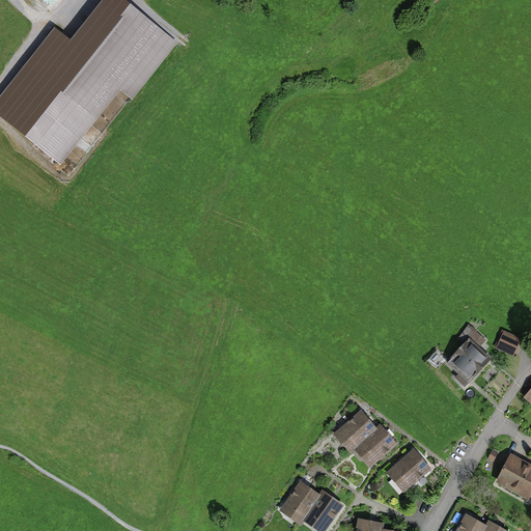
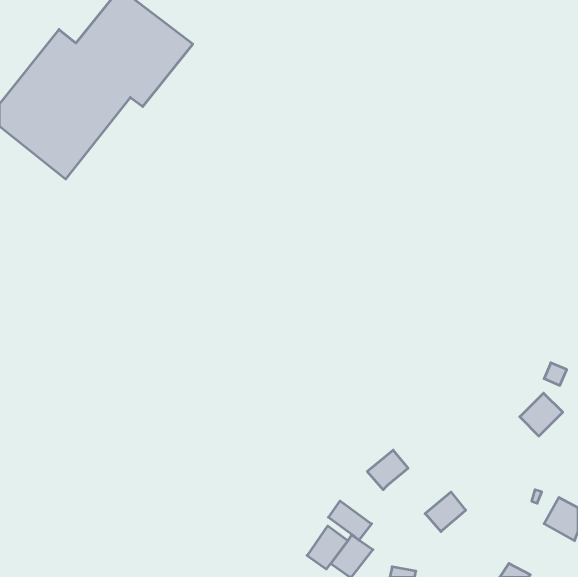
building: [447,339,486,379] -> [520,393,563,436]
building: [355,424,393,462] -> none
building: none -> [328,501,372,540]

